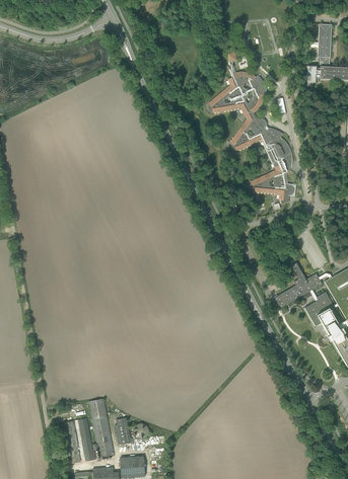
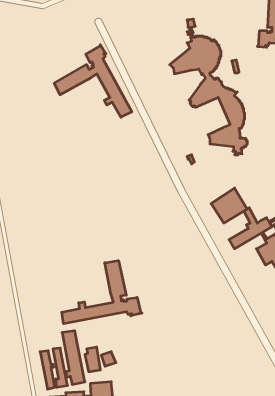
building: none -> [54,45,132,117]
building: none -> [211,188,247,223]
building: none -> [62,261,142,324]

